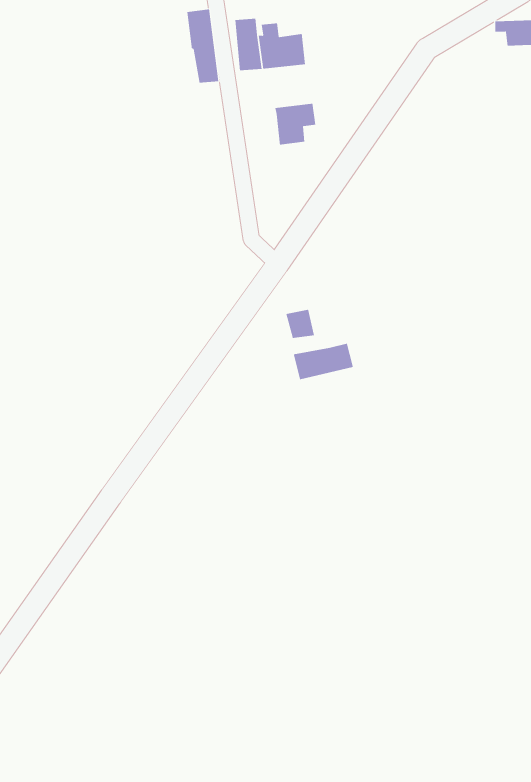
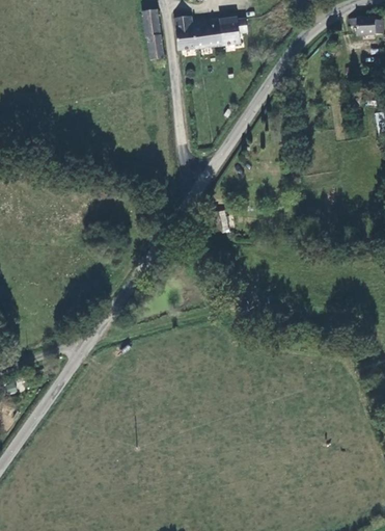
building: [274,103,316,145] -> [219,18,247,46]
building: [293,343,353,380] -> none

